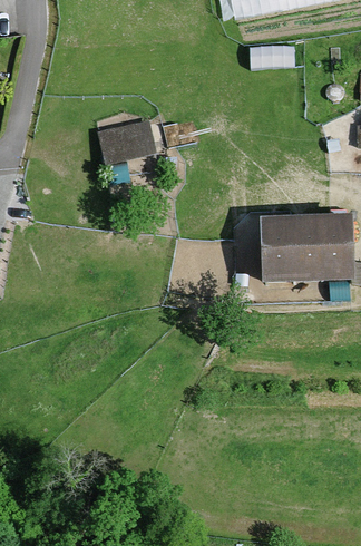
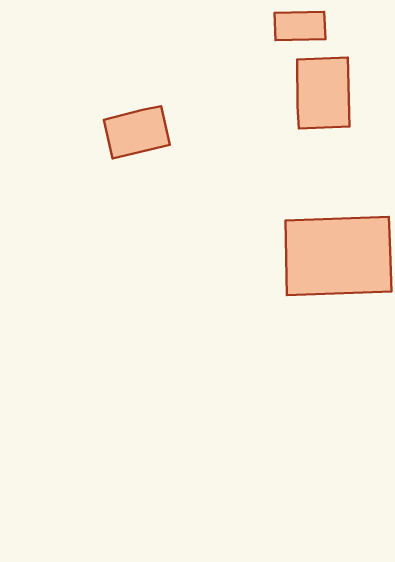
building: none -> [297,58,350,128]

